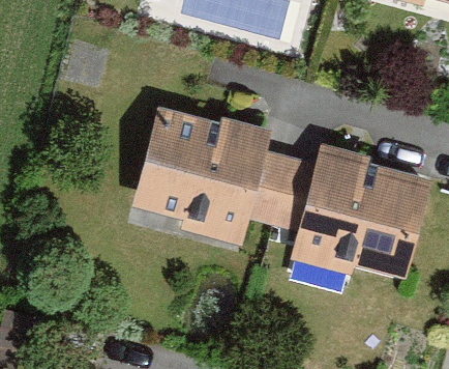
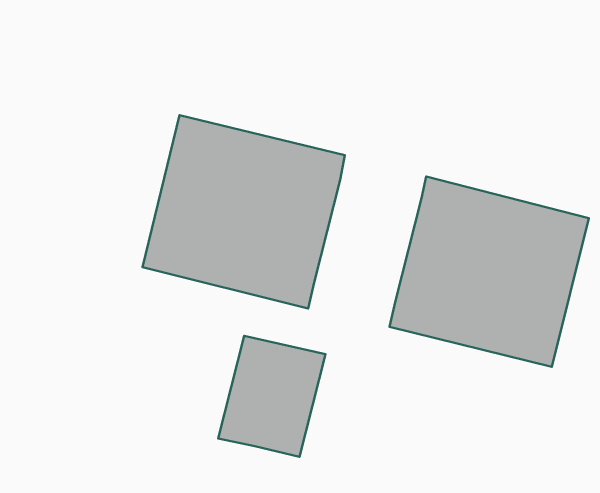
building: [244,150,317,232] -> [218,336,325,457]

